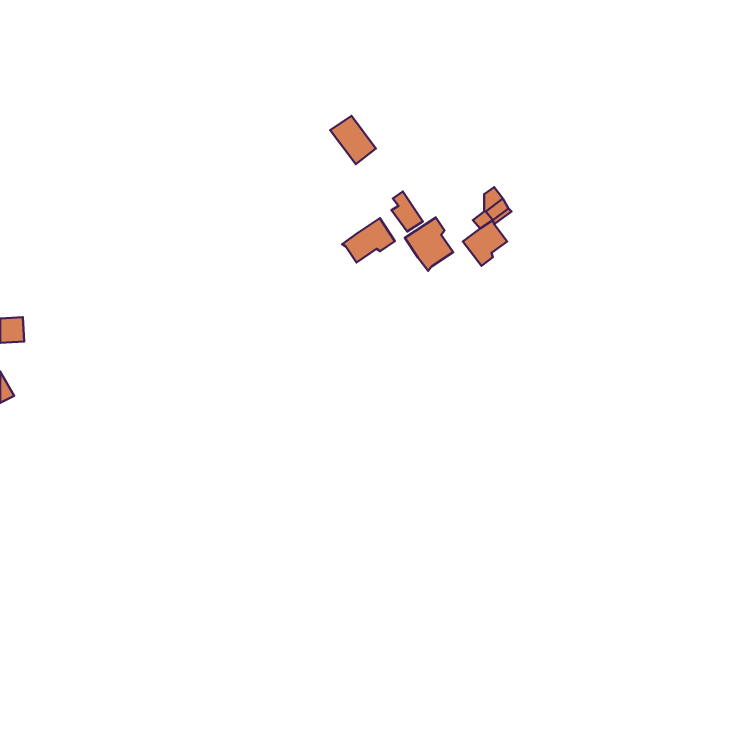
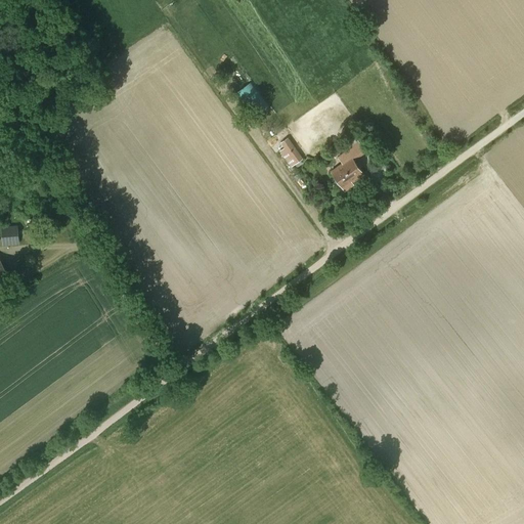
building: [405,218,453,271] -> none
building: [342,218,395,263] -> none

